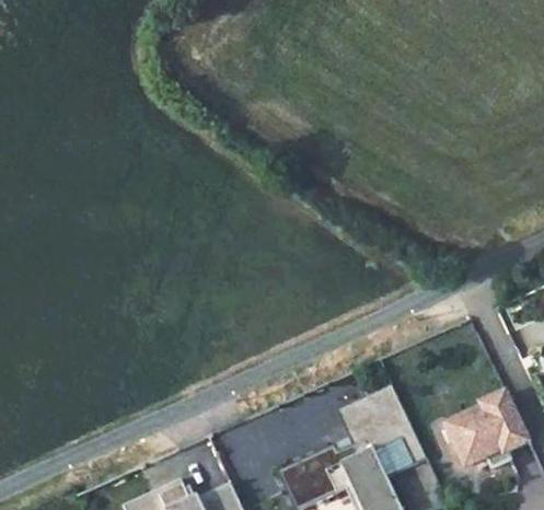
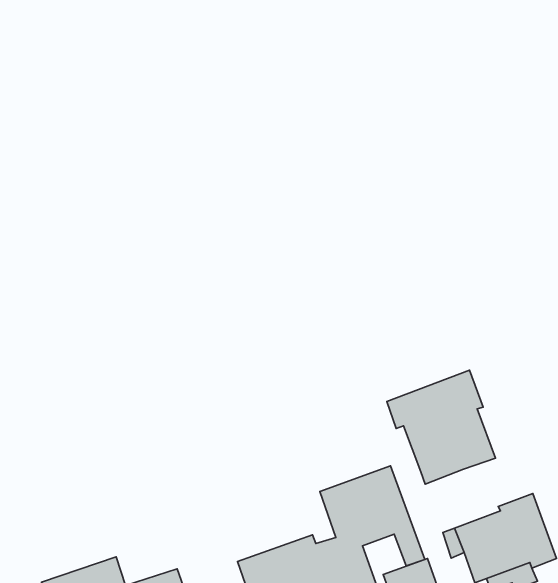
building: none -> [387,370,495,484]

